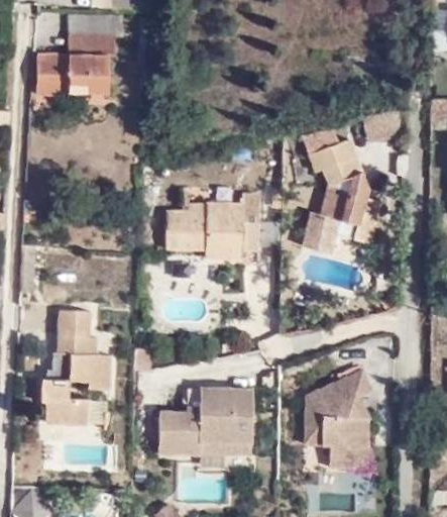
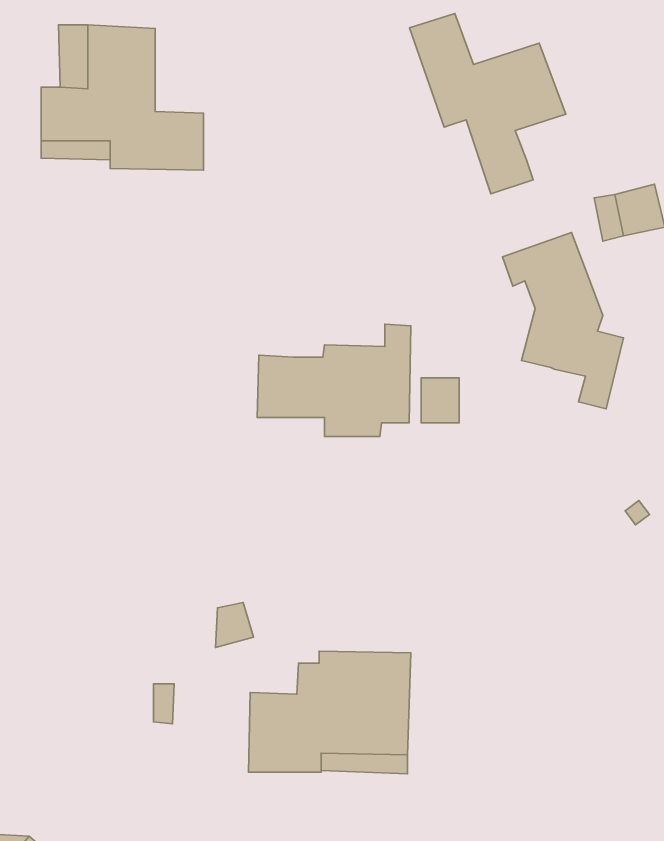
building: none -> [409,13,566,194]
building: [299,212,337,254] -> none
building: [31,306,110,421] -> none
building: [304,368,374,469] -> none

